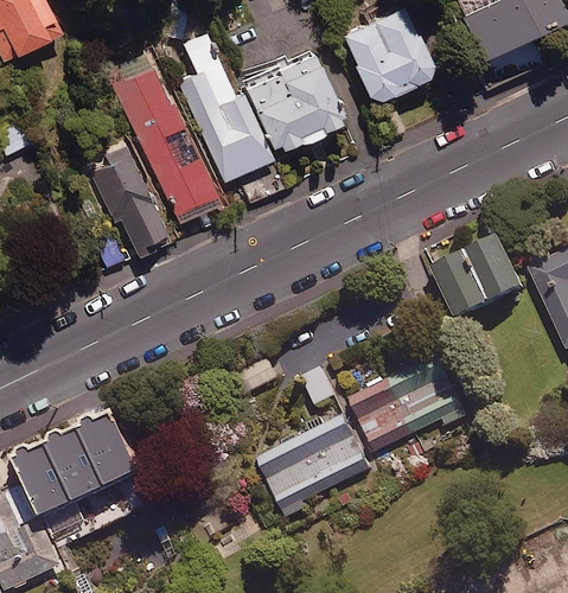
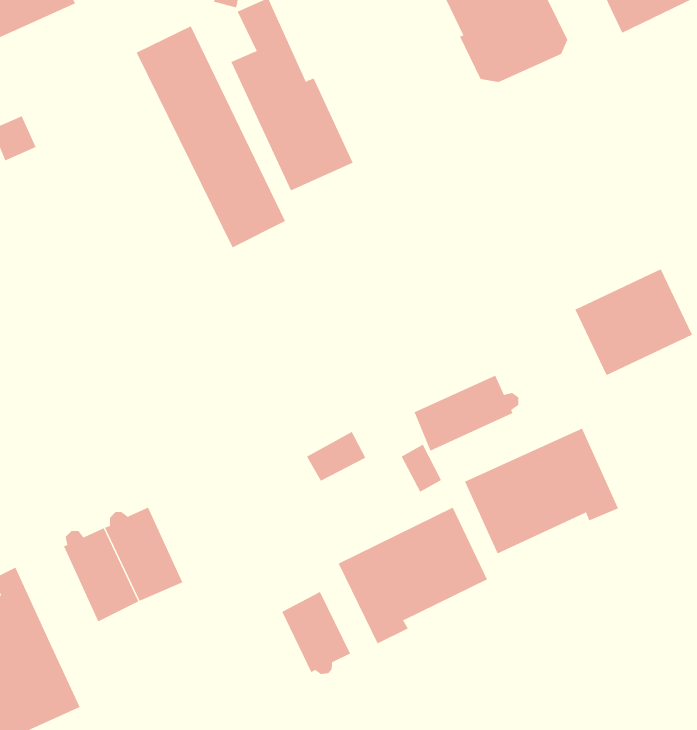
building: [240,50,338,147] -> none
building: [90,145,168,255] -> none
building: none -> [414,375,519,452]
building: [14,445,76,517] -> none
building: none -> [281,591,351,675]

